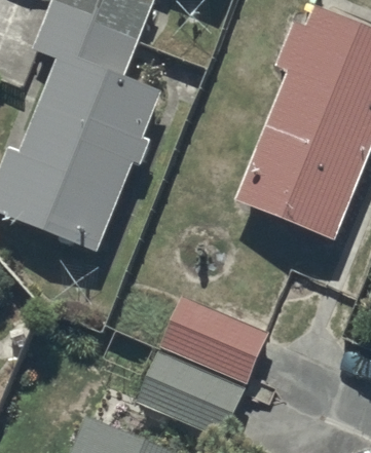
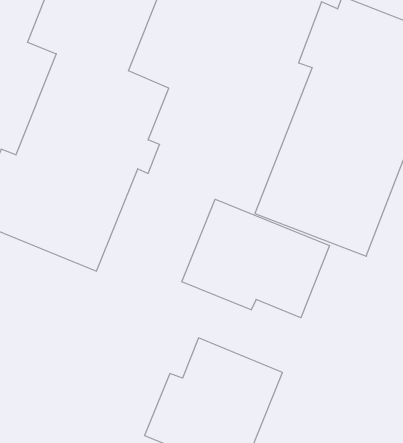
building: none -> [182,199,330,318]

